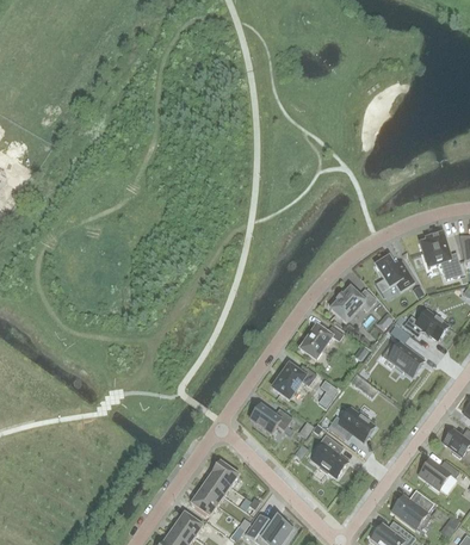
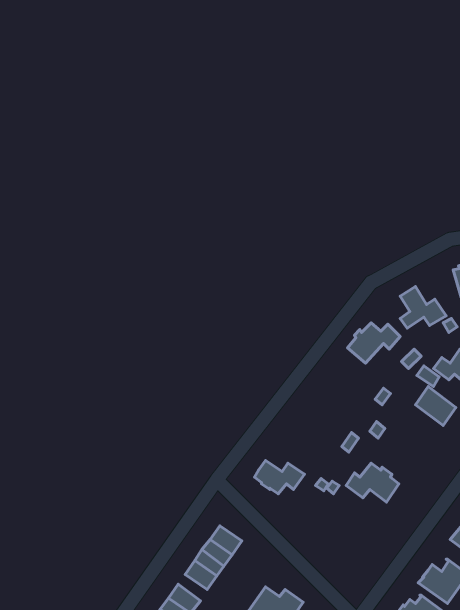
building: [298,323,342,359] -> none
building: [271,363,316,398] -> none
building: [311,434,347,476] -> none

